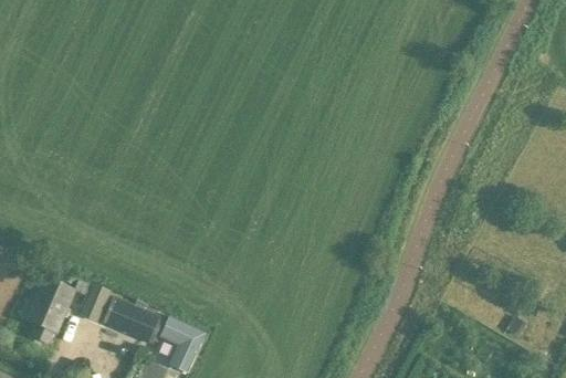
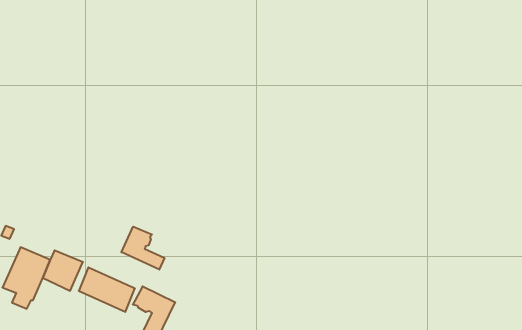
building: none -> [121,227,164,270]

